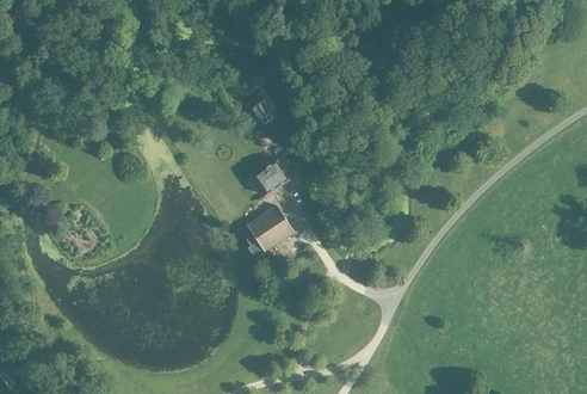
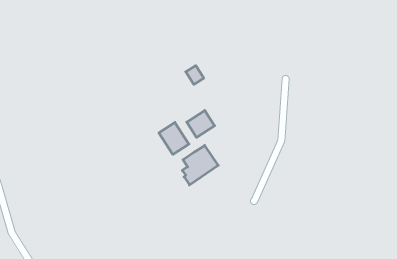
building: none -> [159,122,189,154]

